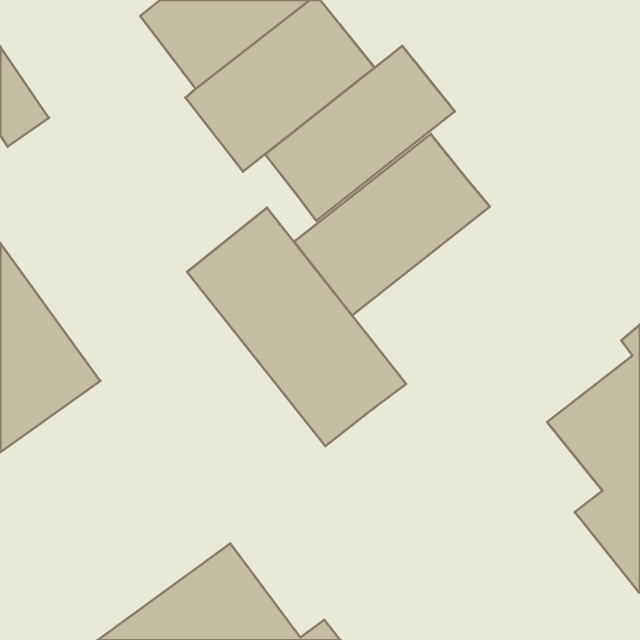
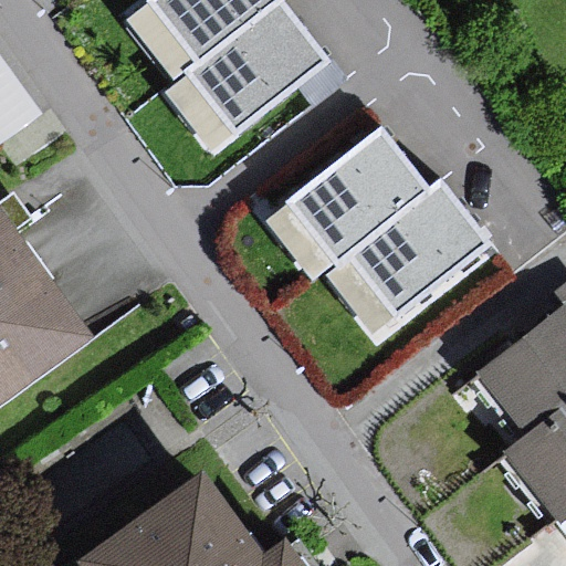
building: [265,46,455,221] -> none
building: none -> [322,178,489,333]
building: [187,208,406,446] -> none

